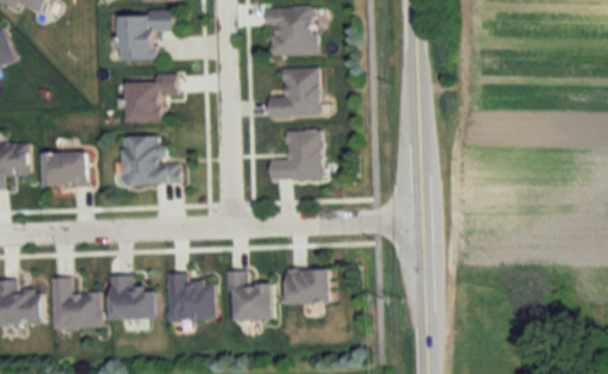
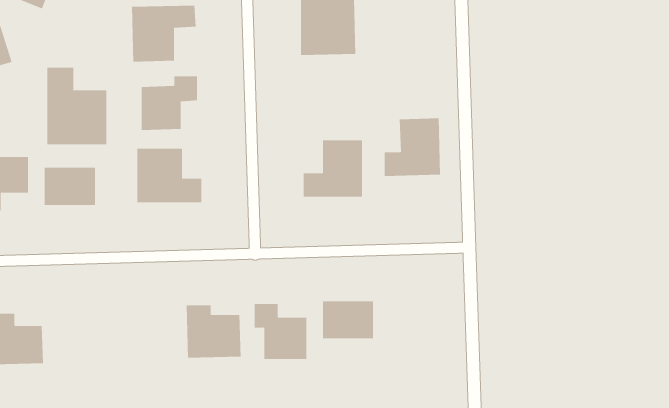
building: none -> [47,67,107,145]
building: [268,66,318,117] -> [384,118,441,176]
building: [108,275,156,318] -> none
building: [51,278,100,328] -> none

